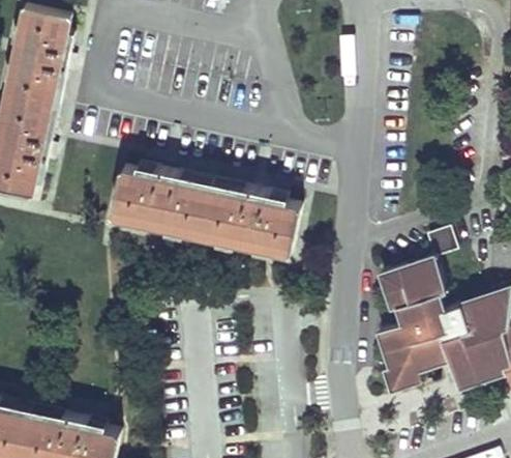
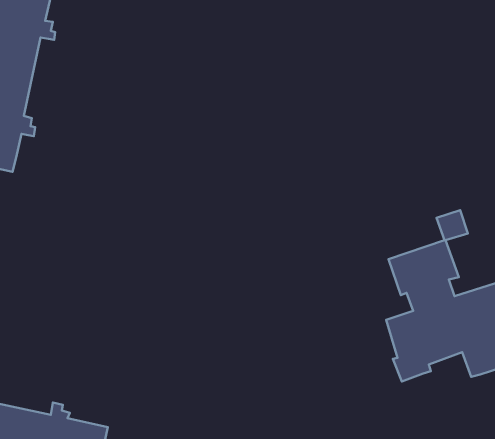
building: [110,167,300,256] -> none

